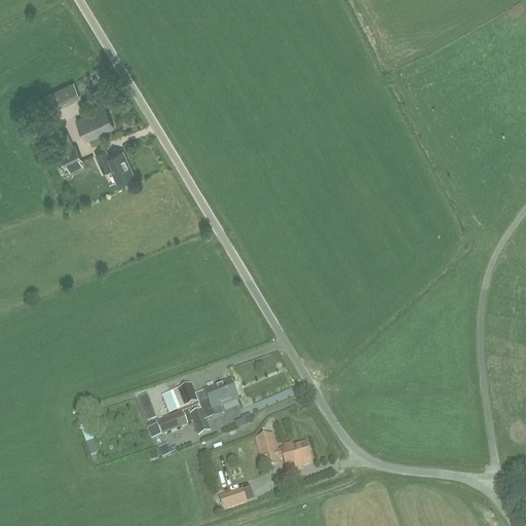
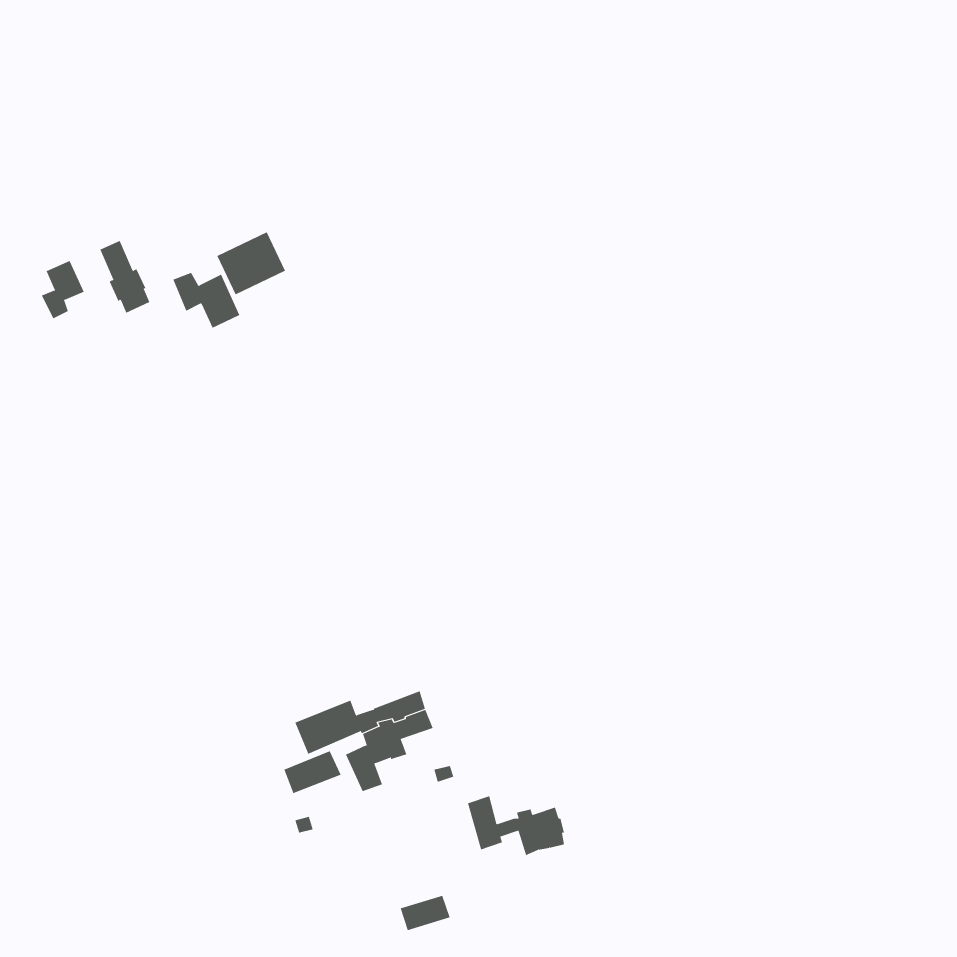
building: [45,82,83,112] -> none
building: [75,105,113,140] -> [216,232,286,295]
building: none -> [41,260,84,319]

